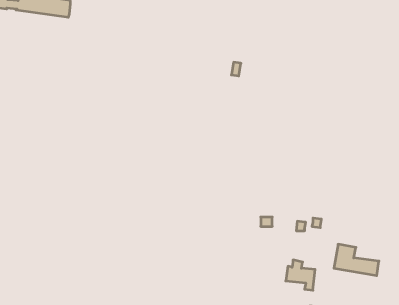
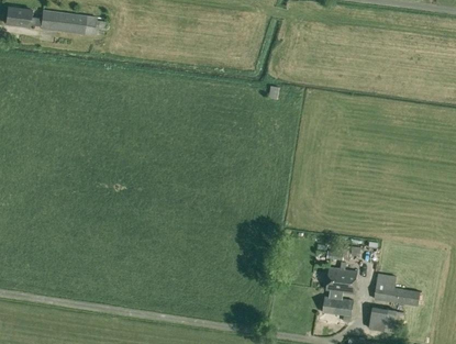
building: none -> [326,262,358,293]
building: none -> [368,306,397,333]

